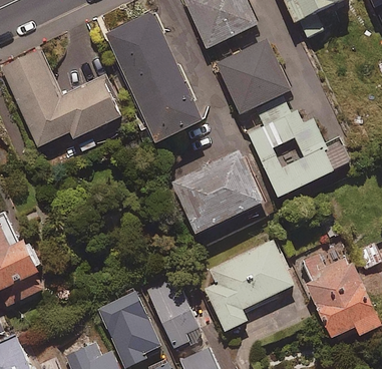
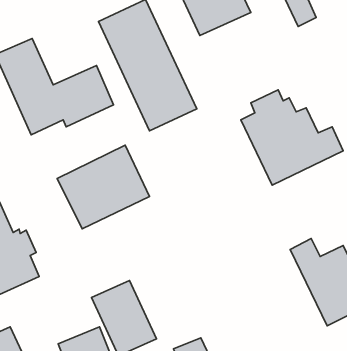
building: [216,38,289,113] -> none
building: [170,150,263,234] -> [57,145,149,229]
building: [204,240,292,331] -> none
building: [145,277,202,348] -> none

